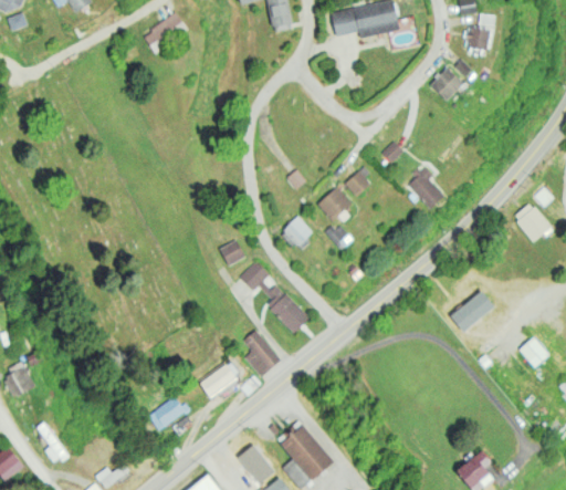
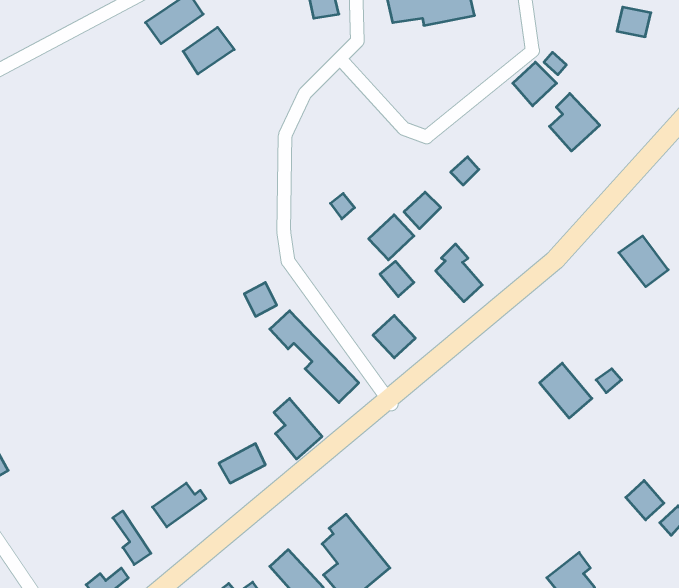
building: [464,27,491,50] -> [617,7,651,37]
building: none -> [183,27,234,74]
building: none -> [549,93,600,151]
building: [408,164,444,209] -> [436,244,482,302]
building: [282,217,315,250] -> [373,315,415,358]
building: [520,336,549,367] -> [626,480,664,520]
building: [38,421,67,463] -> [113,511,151,565]

